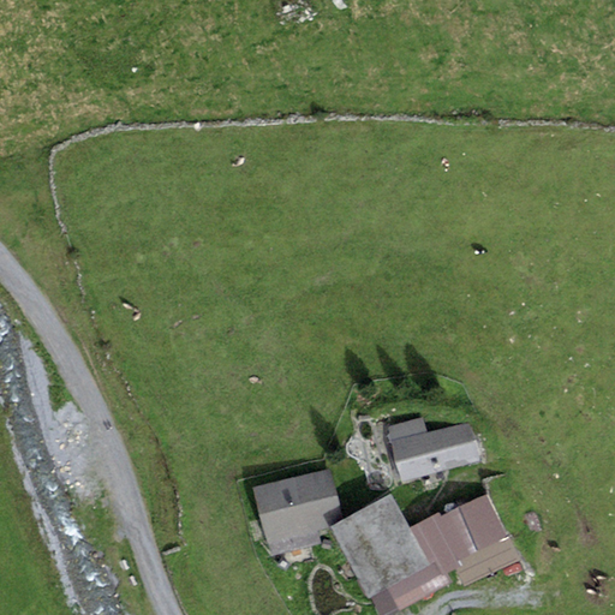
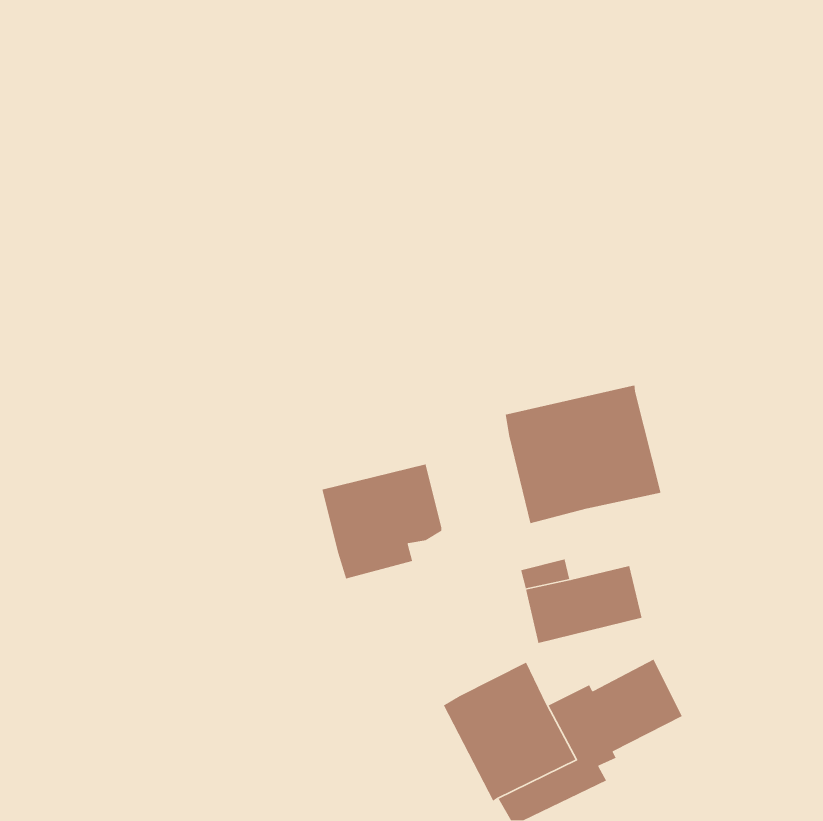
building: none -> [505,384,661,524]
building: [252,468,342,555] -> [321,463,442,579]

